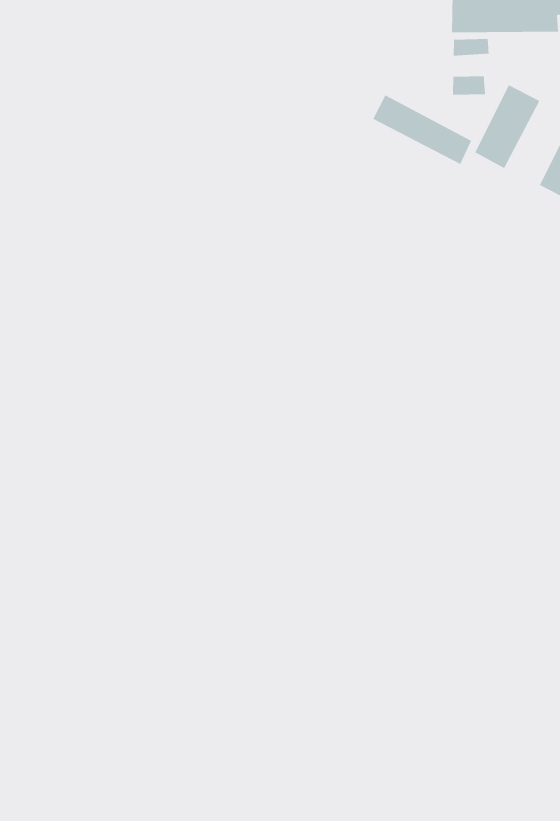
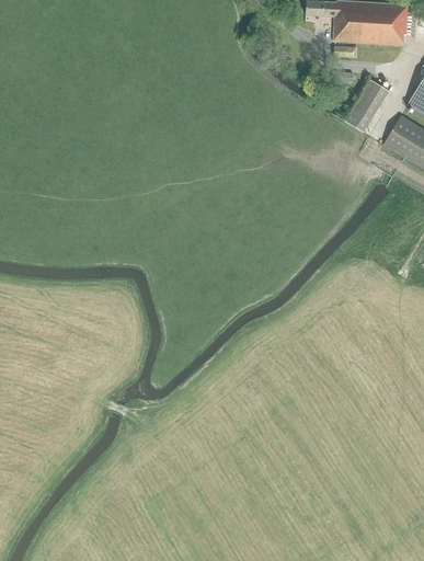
building: [372,95,472,165] -> none

